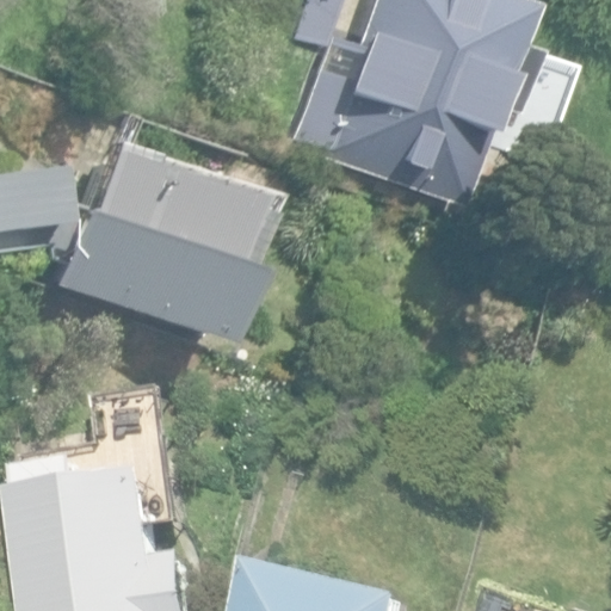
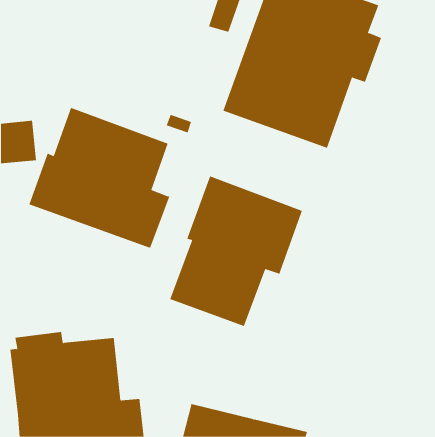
building: none -> [169,176,303,327]

